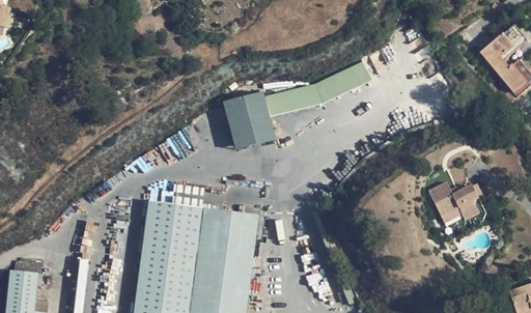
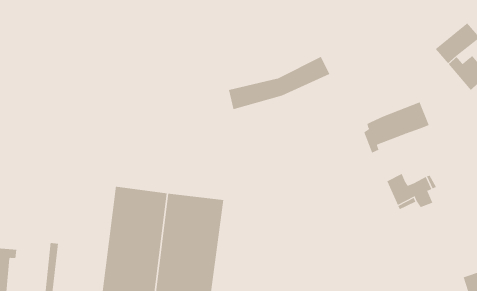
building: [222,91,275,149] -> none
building: none -> [364,102,430,153]

